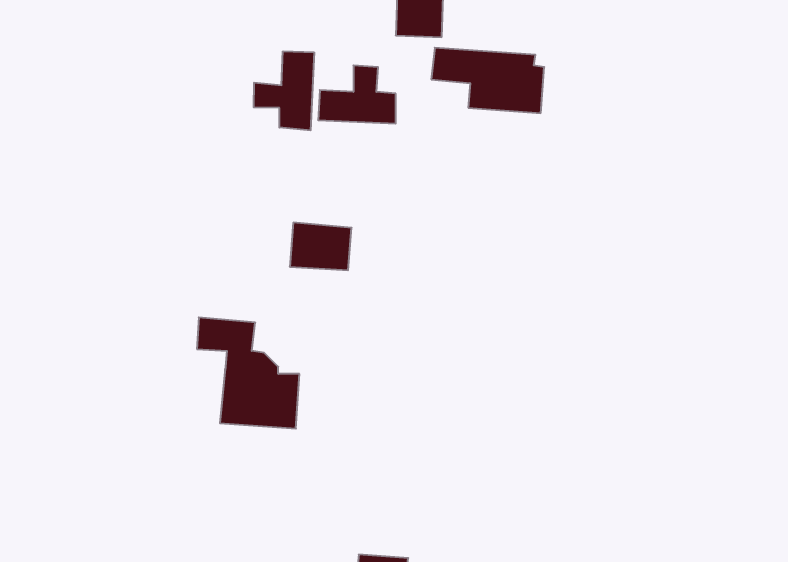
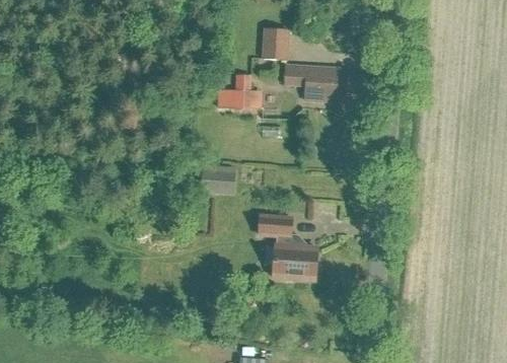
building: [254,51,314,130] -> none
building: [197,317,299,429] -> [260,215,318,279]

